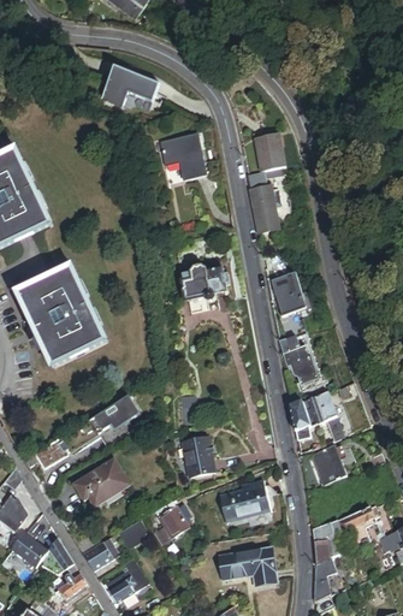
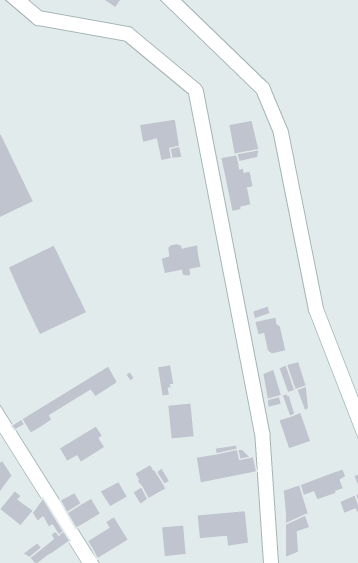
building: [100,66,160,108] -> none
building: [272,276,298,318] -> none
building: none -> [161,525,187,557]

